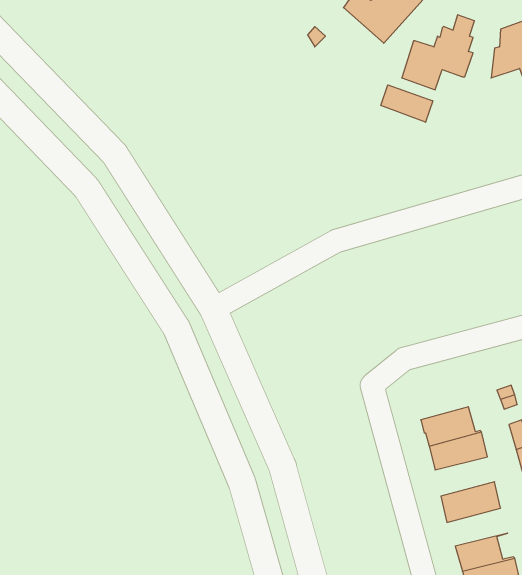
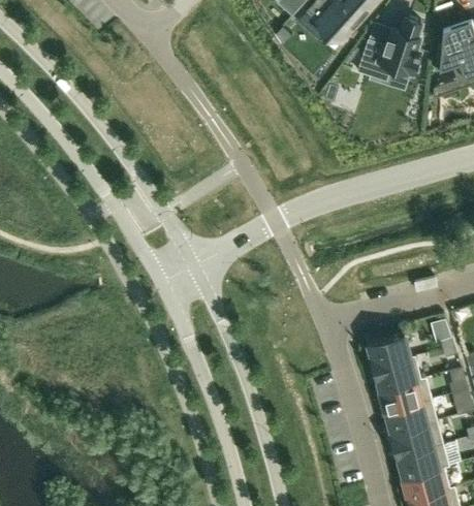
building: [381,85,433,122] -> none
building: none -> [368,337,414,370]
building: none -> [385,402,437,436]
building: none -> [396,446,448,479]

